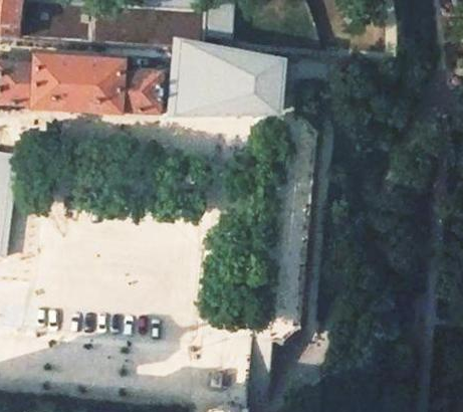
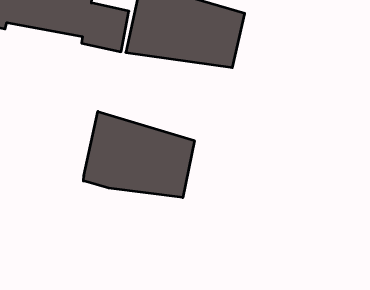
building: none -> [83,111,194,198]

